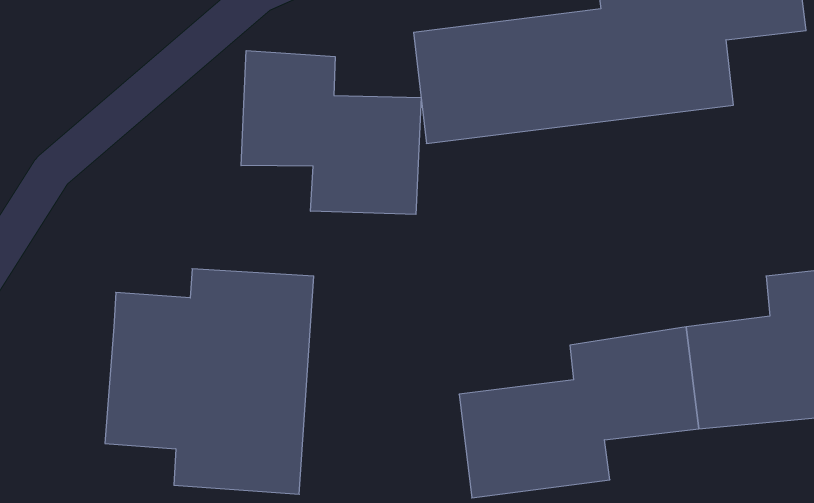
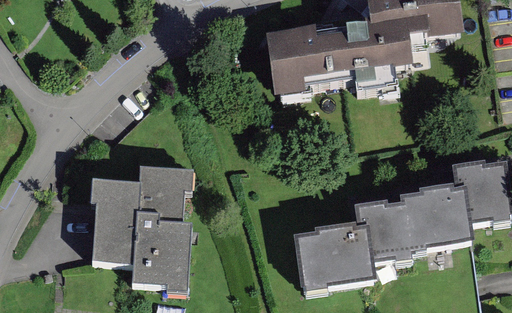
building: [241,51,421,214] -> none

